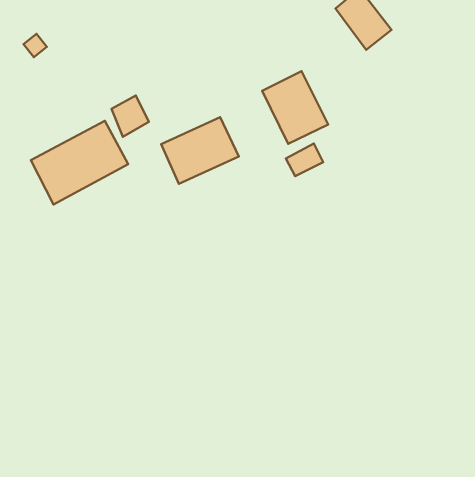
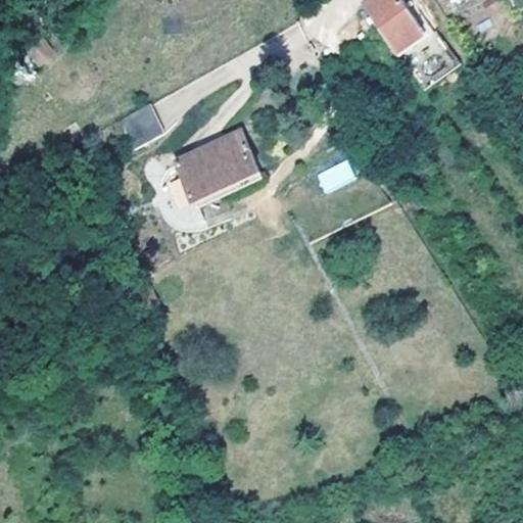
building: [262,71,328,144] -> none
building: [31,121,128,204] -> none

